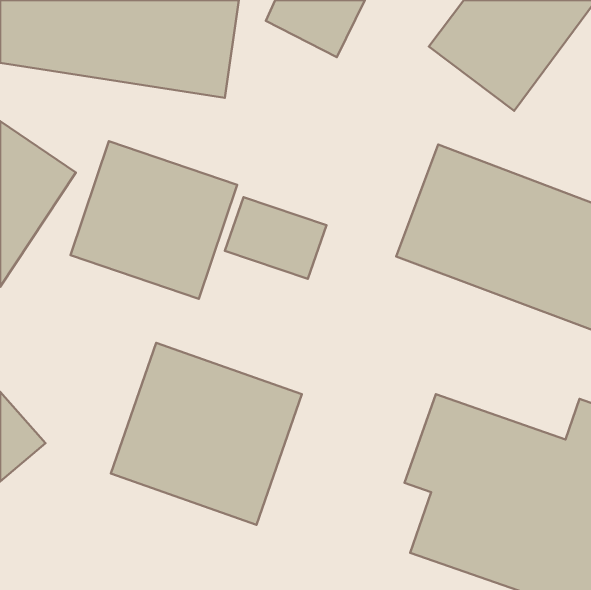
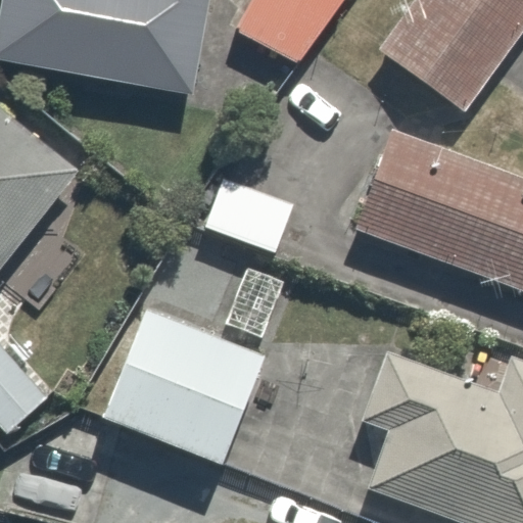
building: [70,141,237,299] -> none

